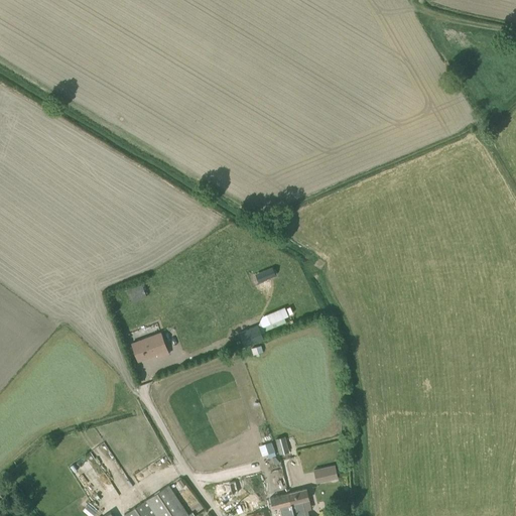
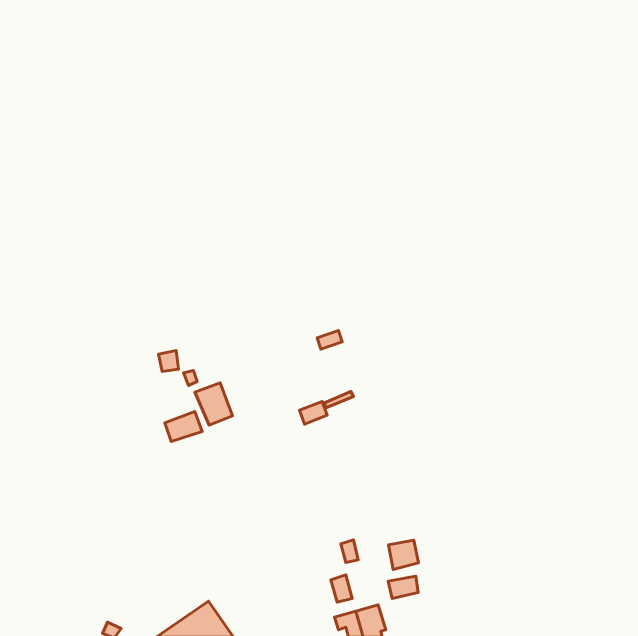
building: none -> [195,383,232,425]
building: none -> [389,540,419,569]

